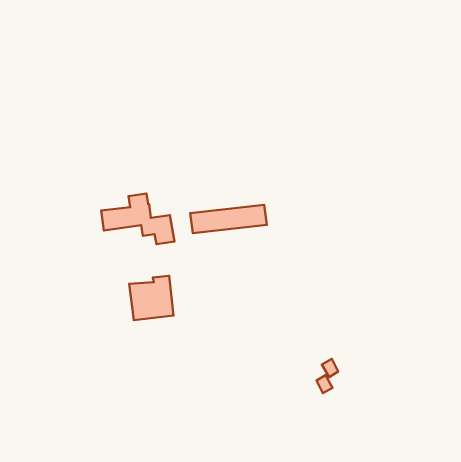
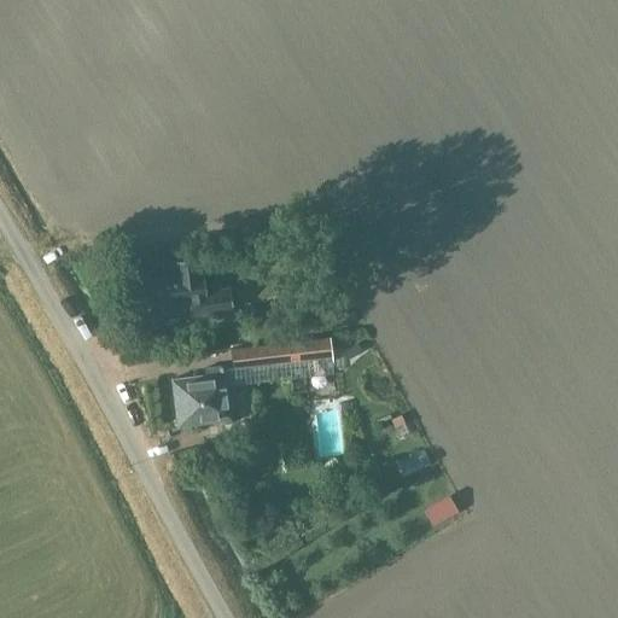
building: [190,205,267,233] -> [232,340,334,378]

